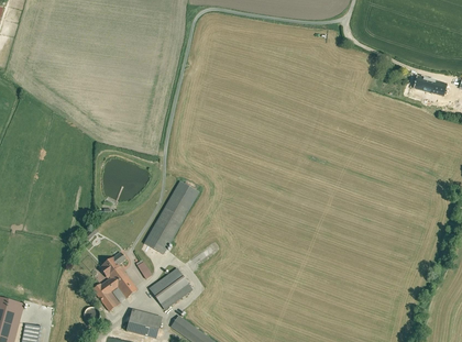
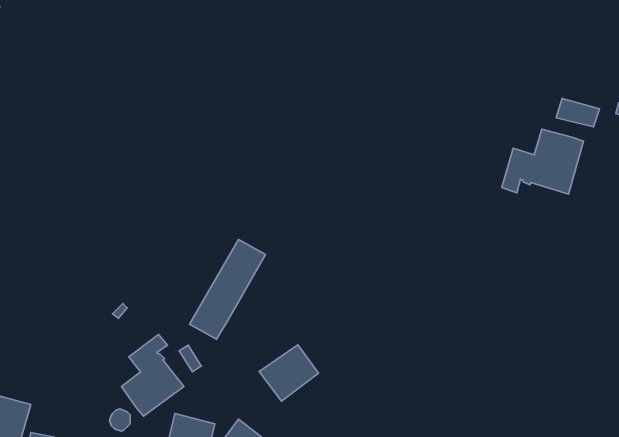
building: none -> [502,129,583,194]
building: [149,267,193,309] -> [259,345,319,401]

